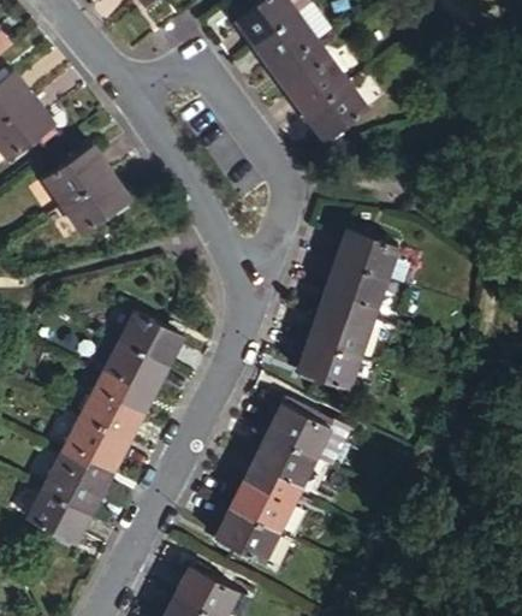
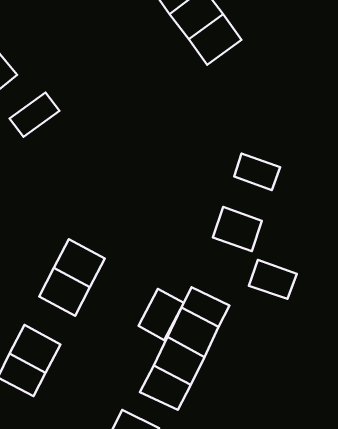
building: [302,81,368,143] -> none
building: [63,173,130,235] -> none
building: [322,259,386,316] -> none
building: [121,313,184,366] -> none
building: [297,338,360,389] -> [249,260,297,299]
building: none -> [138,289,184,340]
building: [64,415,130,478] -> none

